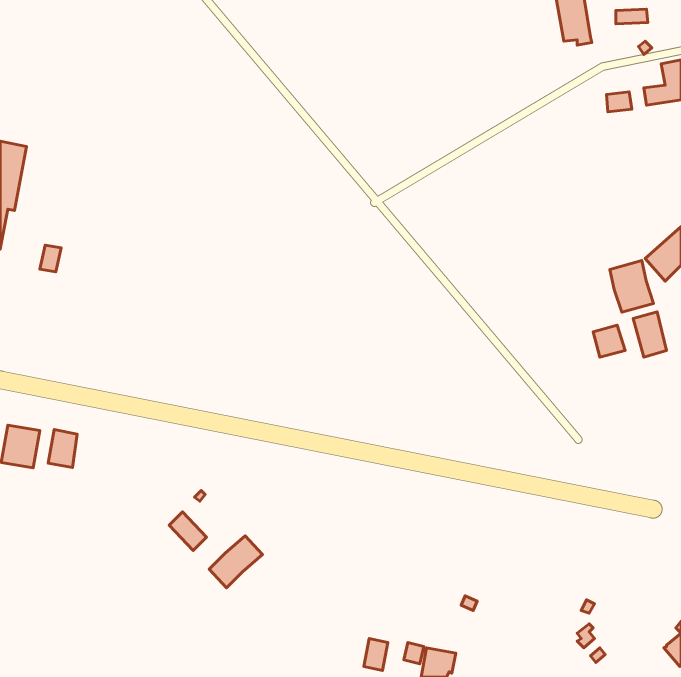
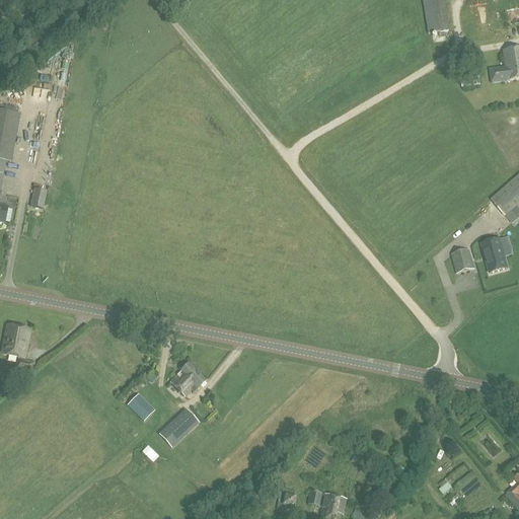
building: [610,261,654,312] -> none
building: [48,430,77,468] -> none
building: none -> [170,361,206,394]

